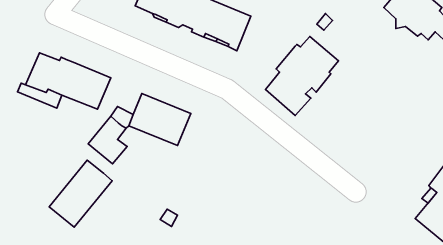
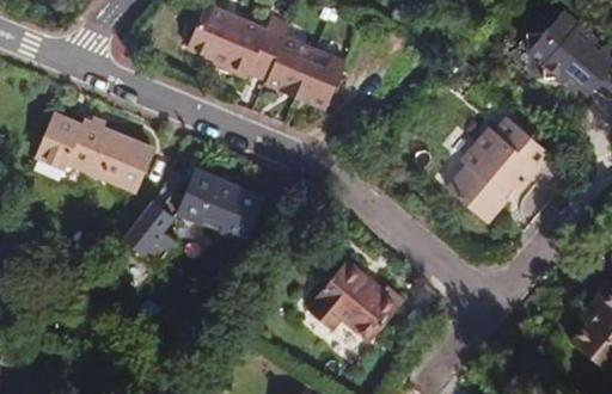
building: [266,37,339,116] -> [447,117,547,226]
building: none -> [307,259,405,340]
building: [49,160,112,227] -> none

